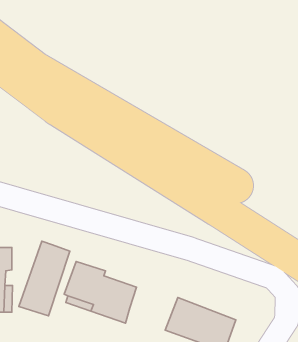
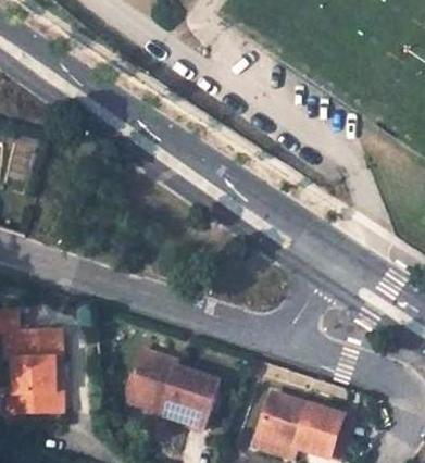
building: [19,241,70,316] -> none

